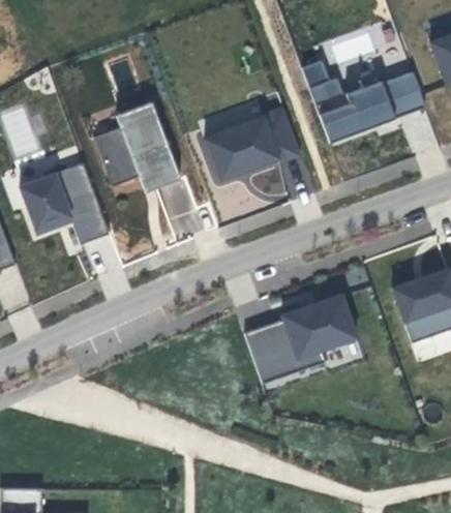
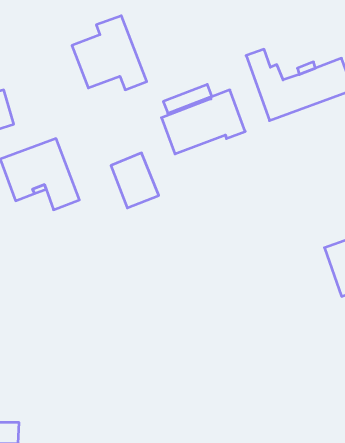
building: [94,102,180,187] -> [72,16,147,90]
building: [244,294,356,384] -> none

